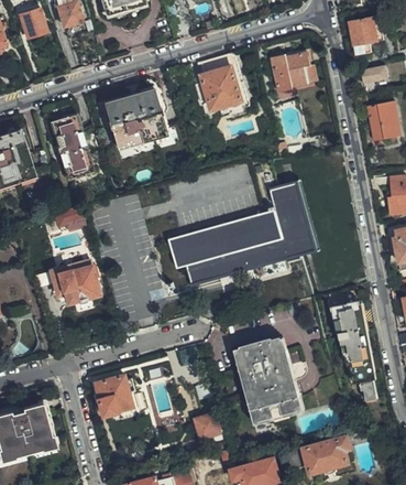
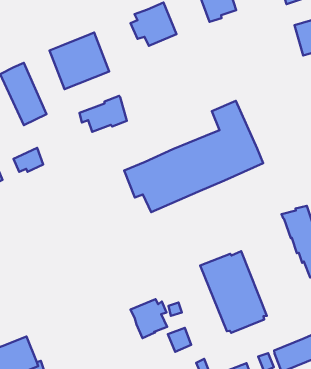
building: none -> [79,96,127,132]
building: [50,261,100,303] -> none
building: [97,377,134,417] -> [131,299,167,338]

